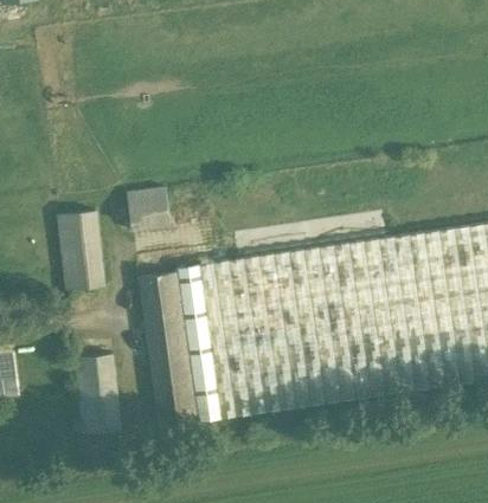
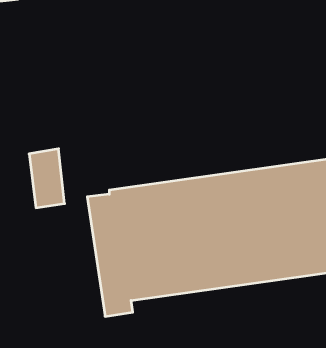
building: [127,187,171,233] -> none
building: [75,354,122,434] -> none

